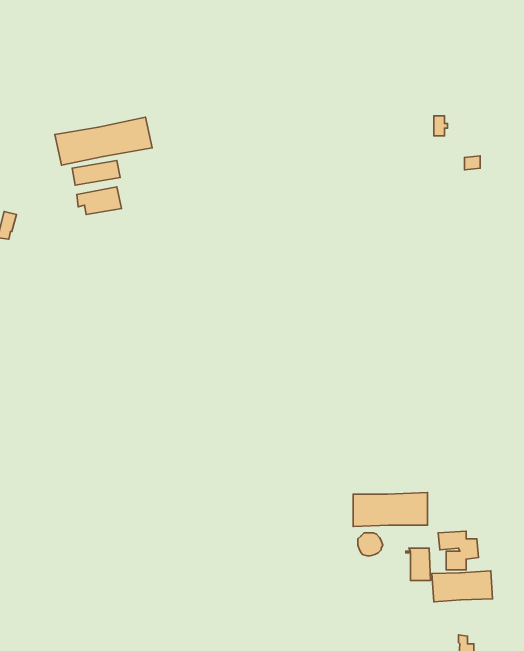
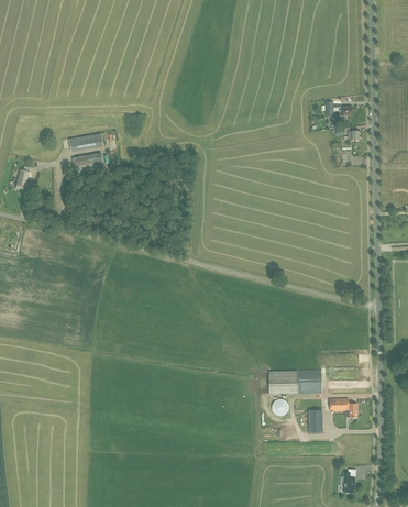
building: [55,117,152,165] -> none
building: [432,571,493,602] -> none

